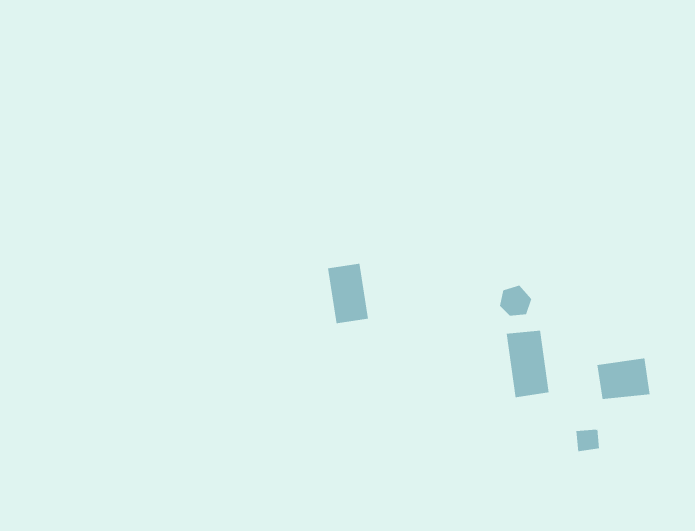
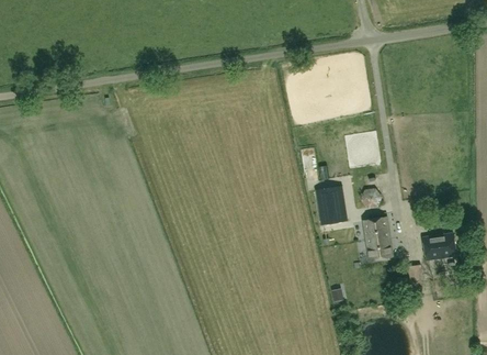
building: [327,263,369,324] -> [319,186,346,224]

